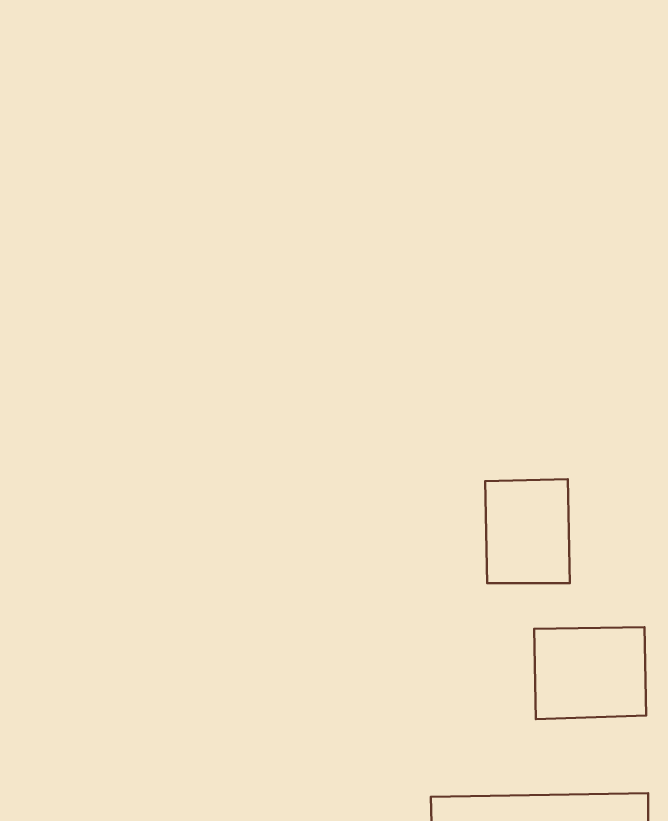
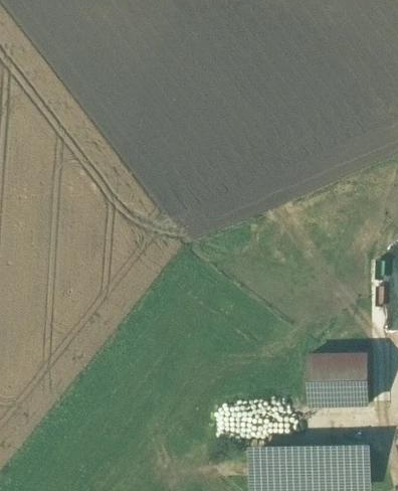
building: [485,479,570,583] -> none

